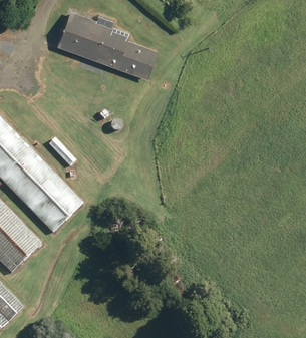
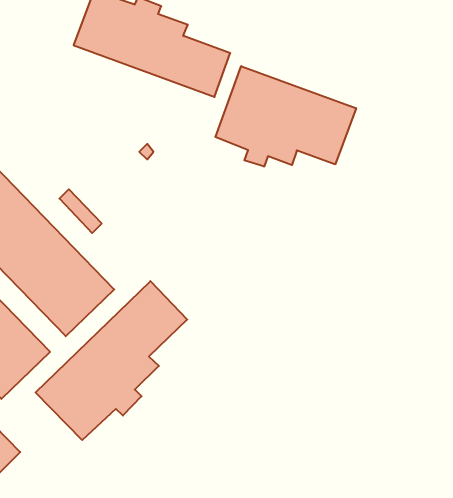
building: none -> [215,66,356,167]
building: none -> [36,281,187,440]

